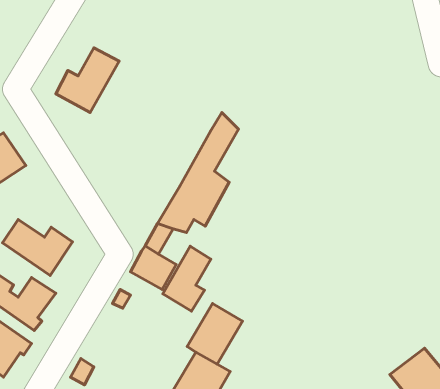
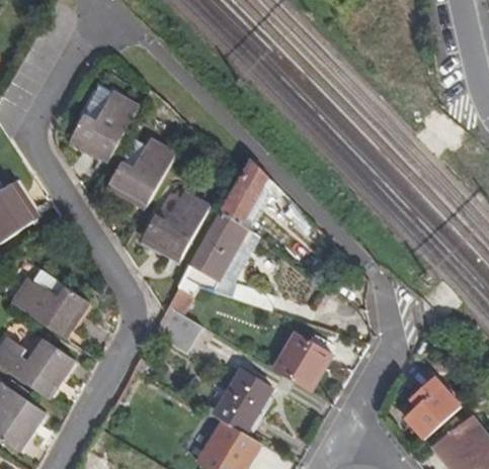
building: none -> [107,138,175,208]
building: none -> [142,192,210,259]
building: [163,246,211,311] -> none
building: none -> [272,332,332,391]
building: none -> [406,378,458,437]

